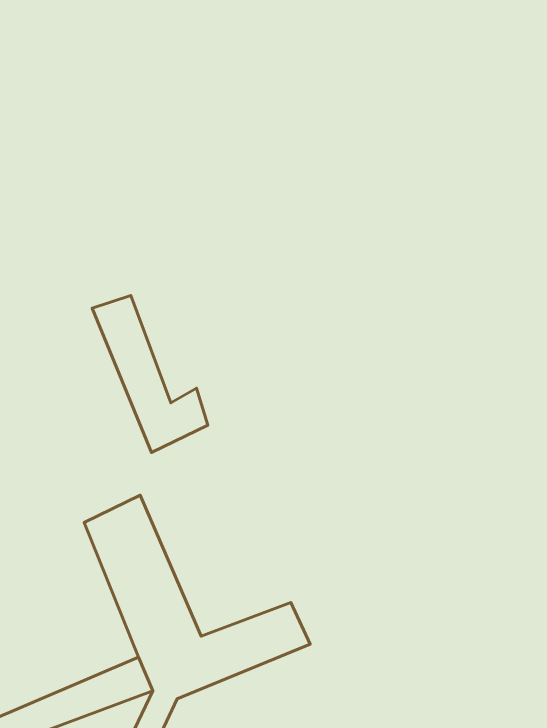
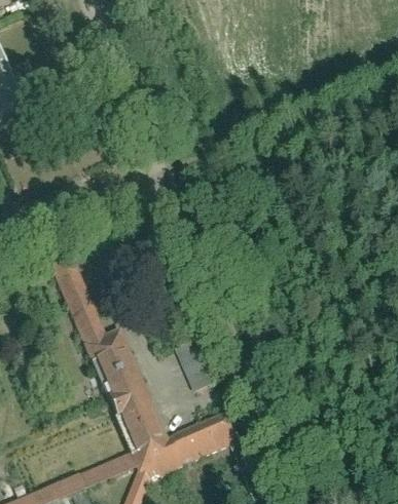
building: [92,295,208,452] -> [56,262,130,362]
building: none -> [172,337,213,391]

